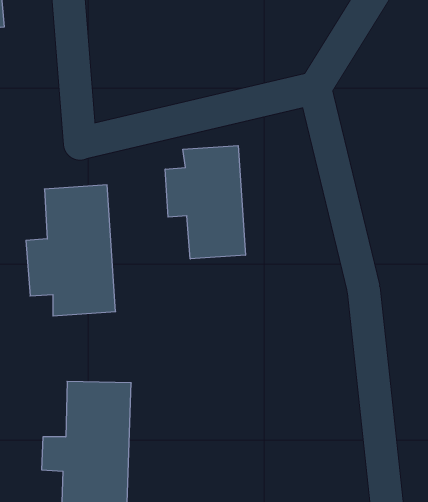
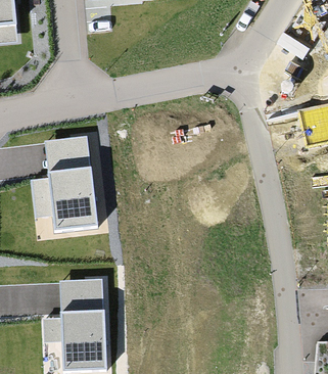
building: [165,146,245,259] -> none

